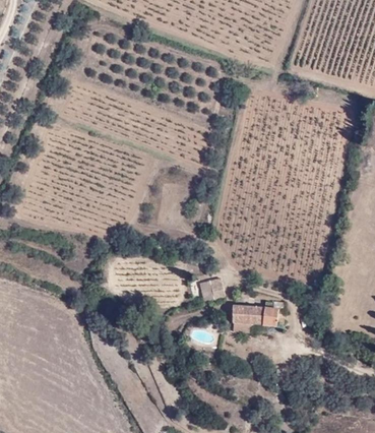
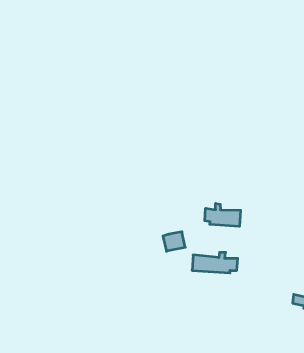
building: none -> [205,203,241,226]

